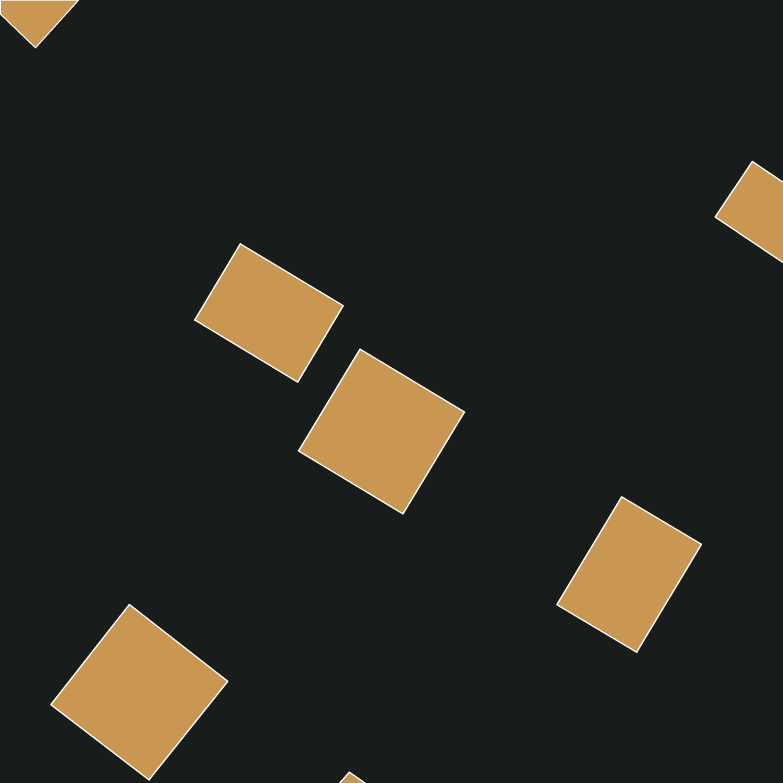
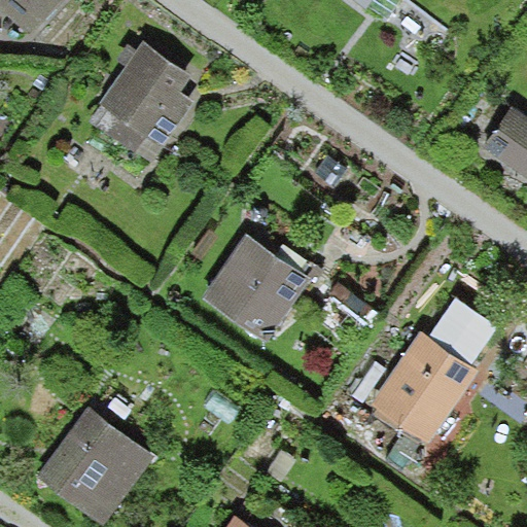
building: none -> [98,38,194,144]
building: [195,244,343,382] -> none

